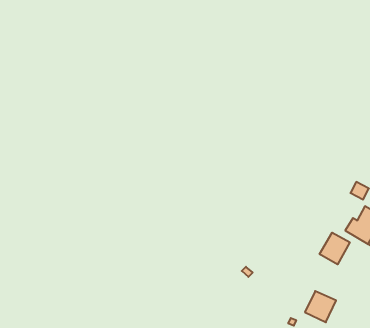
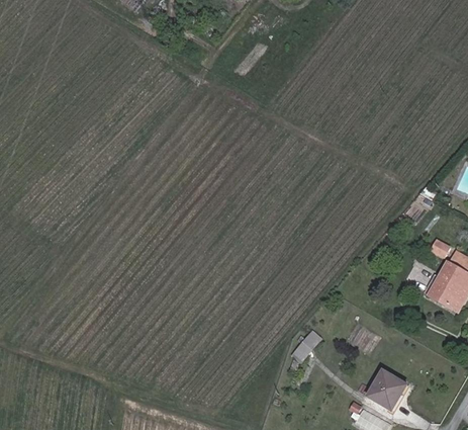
building: [320,233,350,264] -> none

